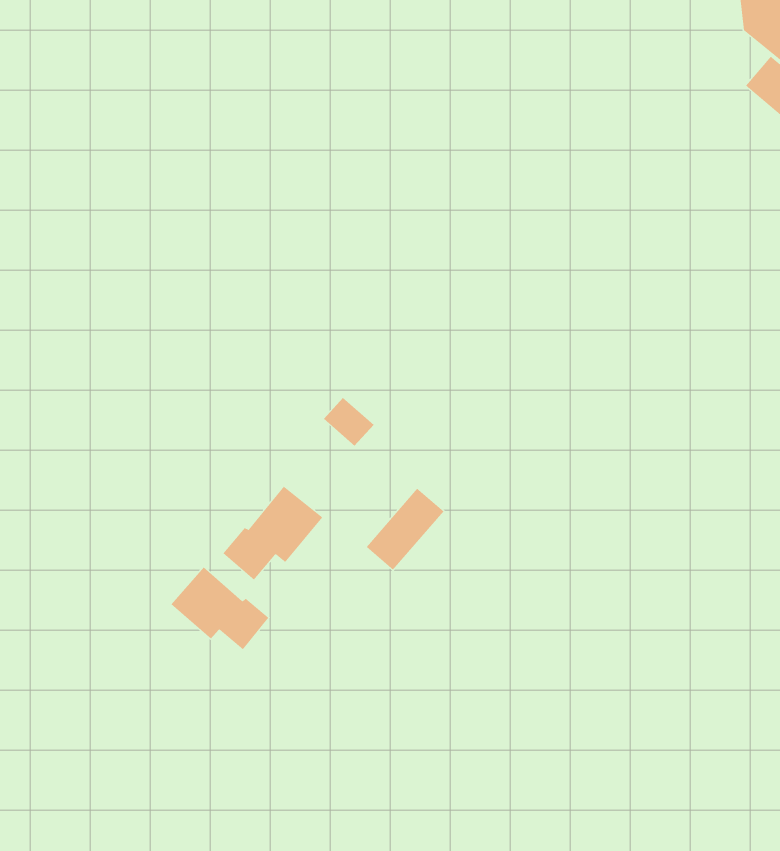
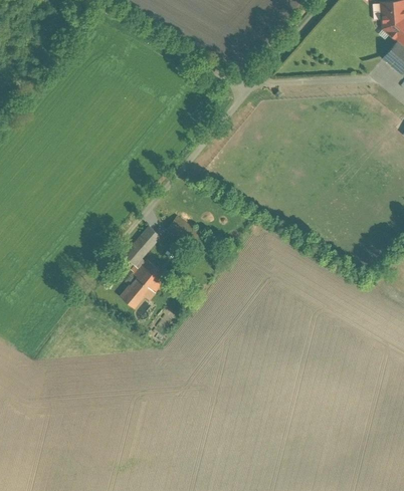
building: [366,488,445,571] -> [124,224,164,266]
building: [170,567,269,650] -> none

